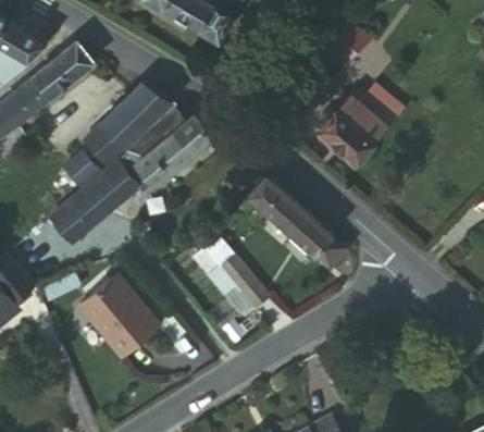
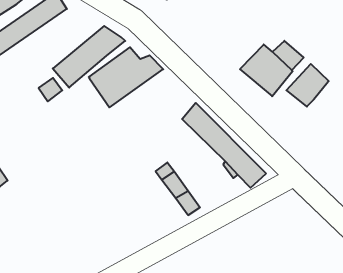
building: none -> [286,64,329,107]
building: [33,161,137,250] -> none
building: [80,277,164,365] -> none

